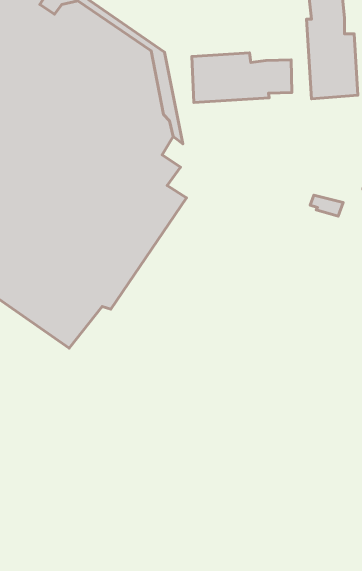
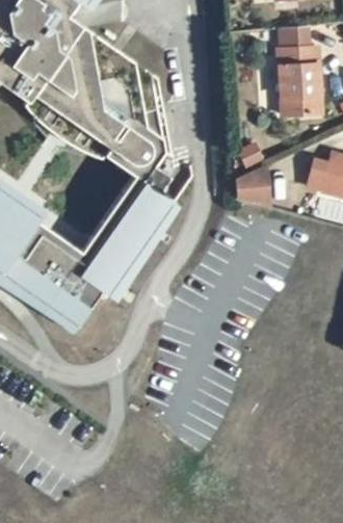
building: [192,53,292,102] -> none
building: none -> [233,166,266,205]

